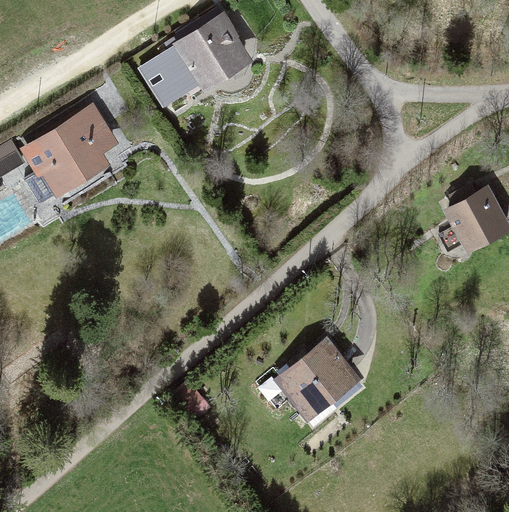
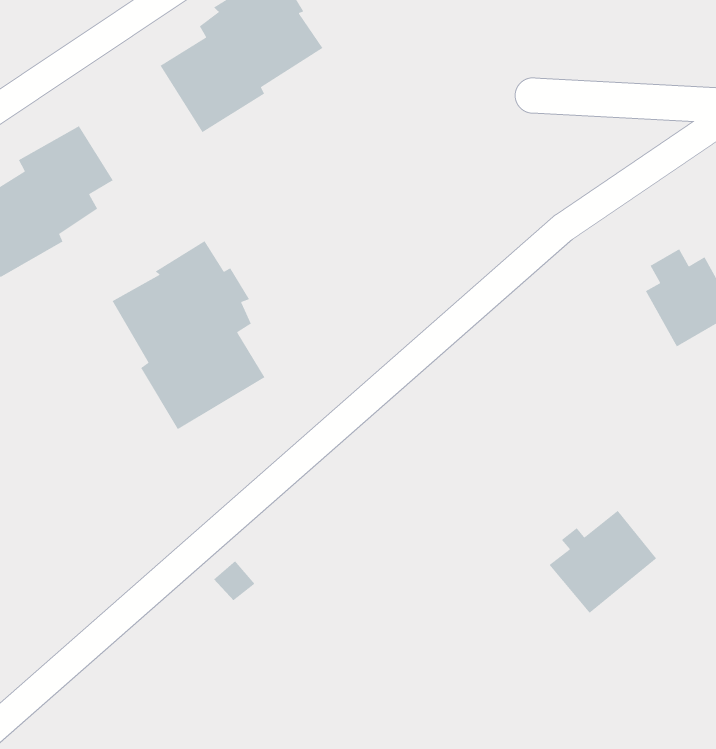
building: none -> [112,240,265,430]
building: [285,346,354,412] -> [548,510,657,614]

